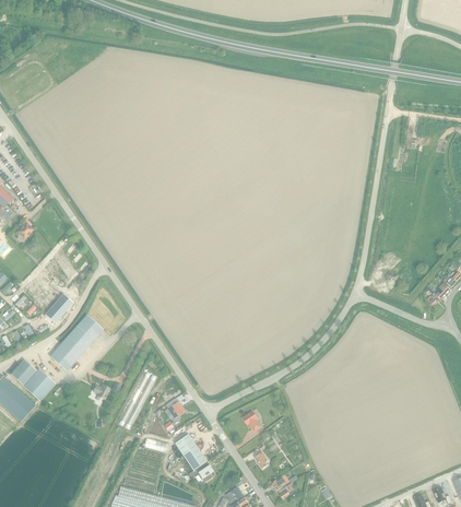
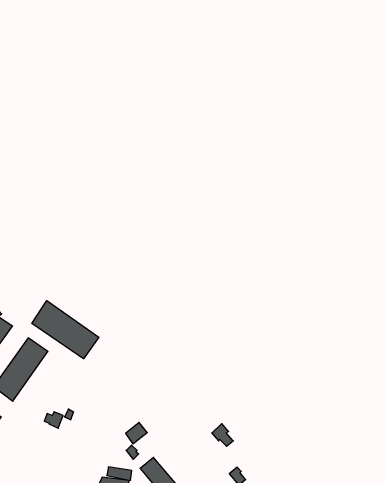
building: none -> [32,301,99,359]

